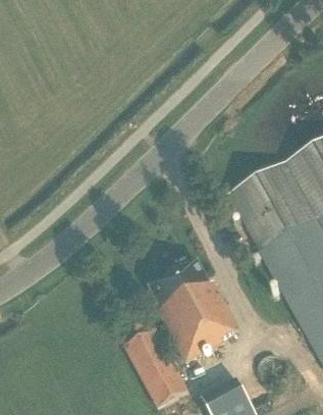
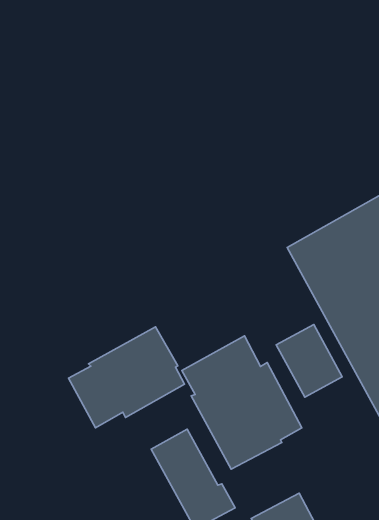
building: none -> [276,324,342,397]
building: none -> [69,327,185,428]

